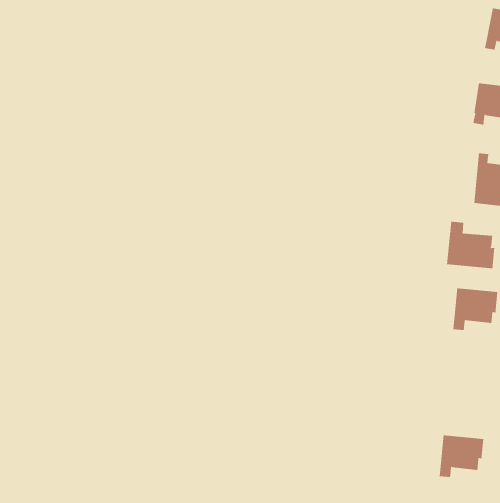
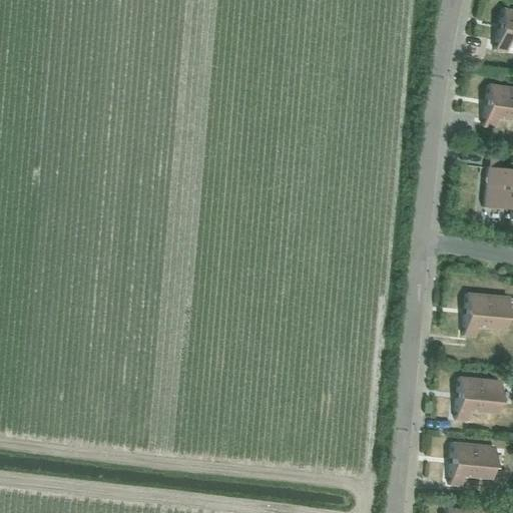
building: [447,221,495,269] -> none
building: none -> [456,377,502,420]

